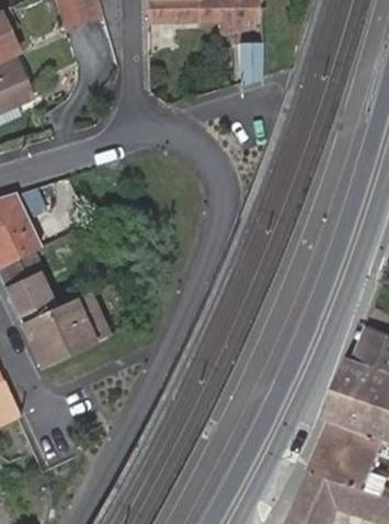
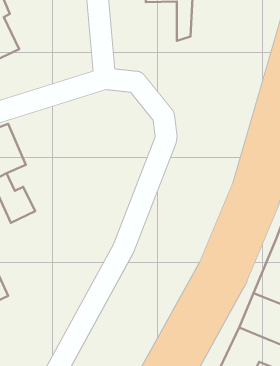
building: [20,292,102,365] -> none

